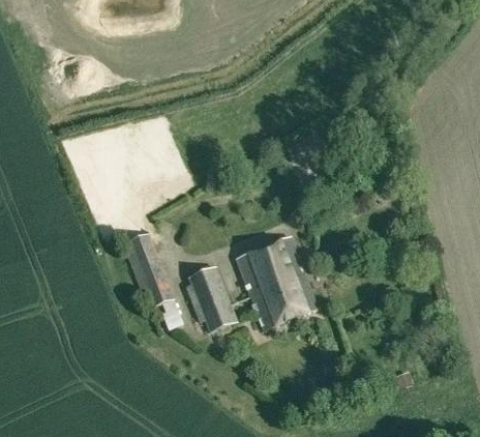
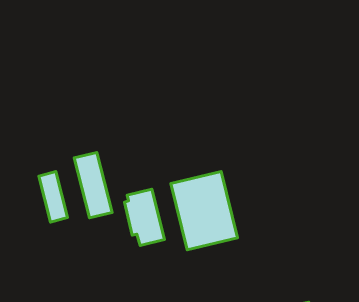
building: none -> [39,171,68,222]

